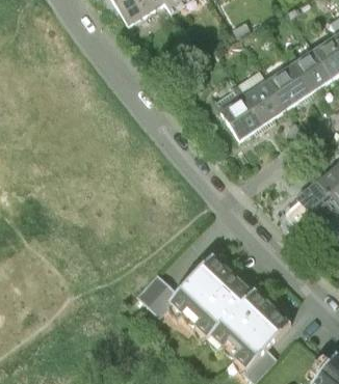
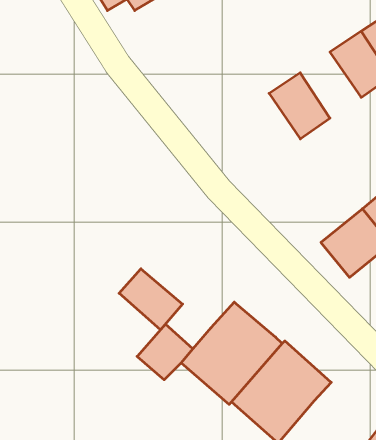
building: [266,57,315,110] -> none
building: [217,90,266,143] -> none
building: none -> [119,269,183,330]

